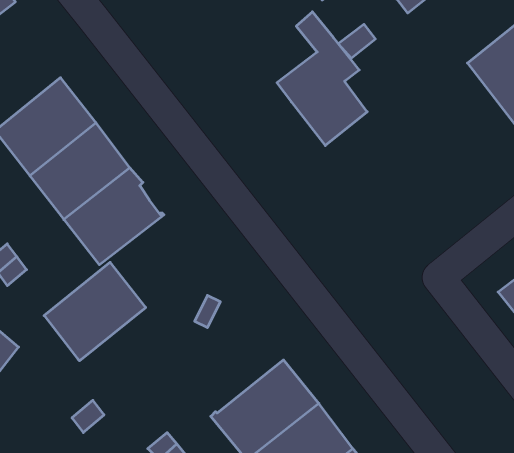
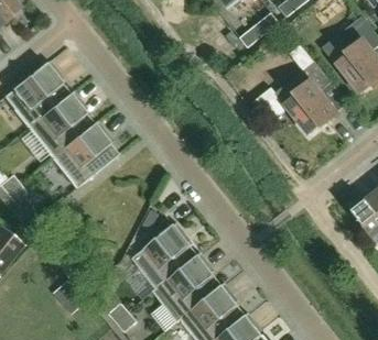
building: [277,12,367,146] -> [274,43,336,134]
building: [44,262,146,361] -> [131,222,201,289]

